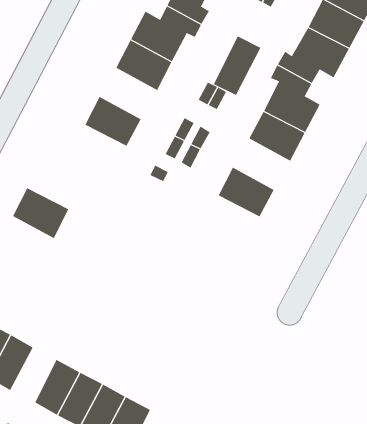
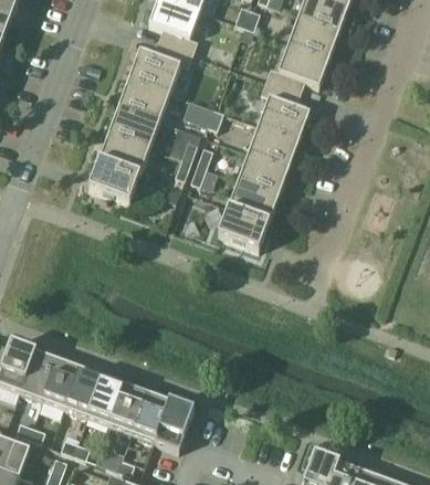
building: [213,36,261,96] -> none
building: none -> [108,103,160,146]
building: none -> [238,150,290,193]
building: [12,188,69,239] -> [88,158,139,201]
building: none -> [218,205,269,249]
building: none -> [64,366,102,415]

